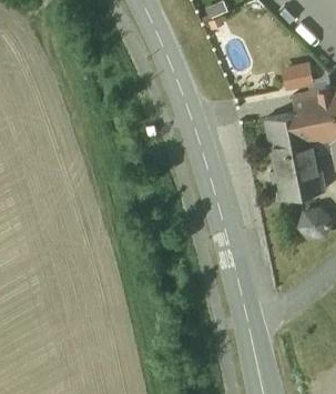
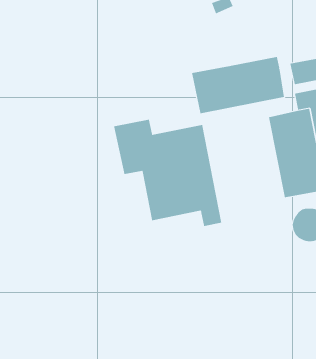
building: none -> [191,56,285,114]
building: none -> [113,119,222,227]

